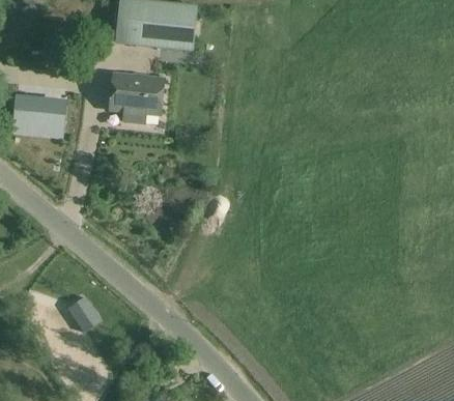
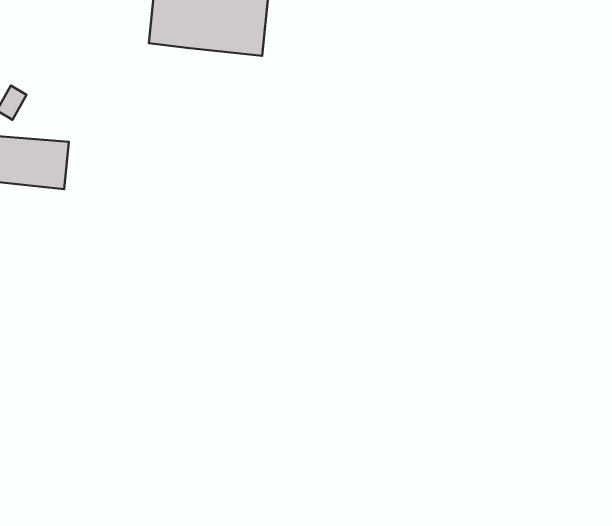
building: [110,74,163,114] -> none
building: [66,295,101,333] -> none

